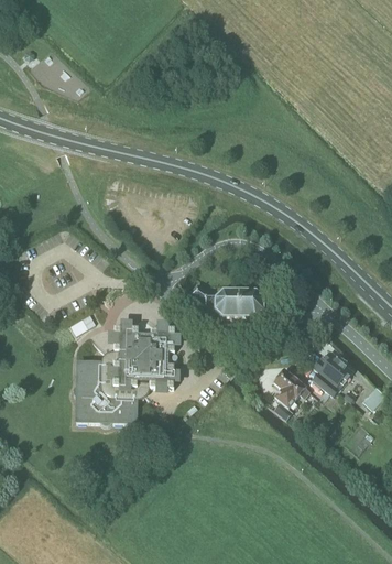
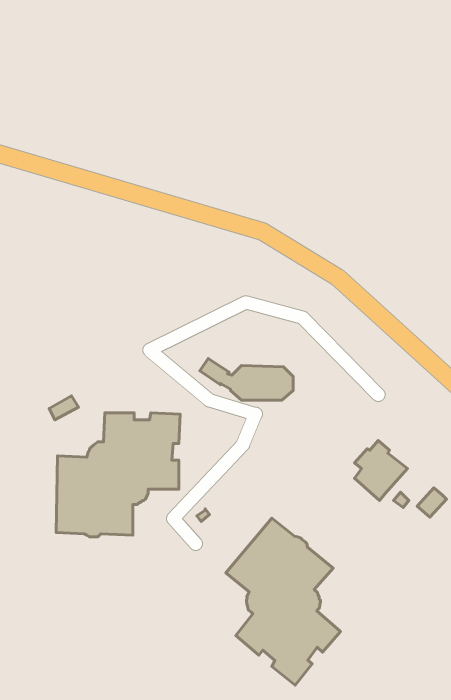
building: [273,369,309,420] -> none
building: none -> [226,518,341,685]

